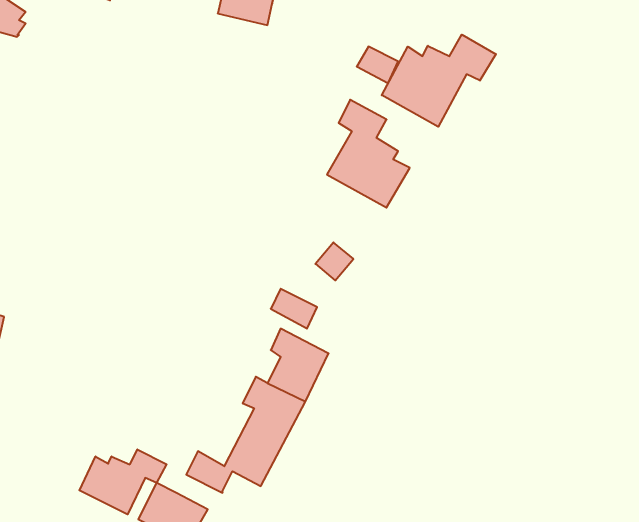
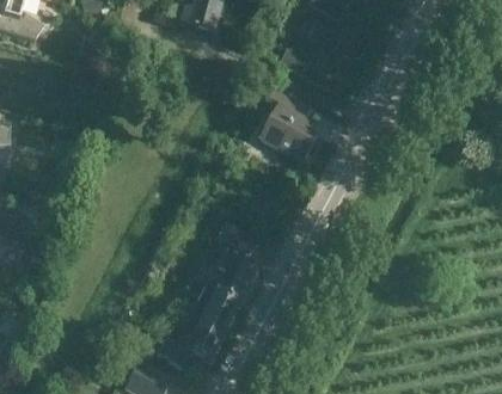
building: [382,35,496,127] -> none
building: [79,449,167,514] -> none

